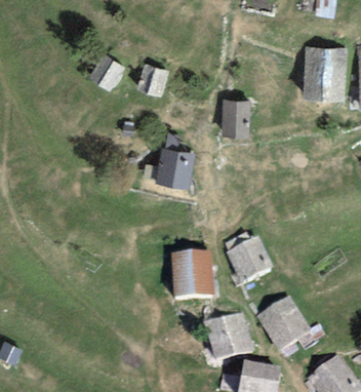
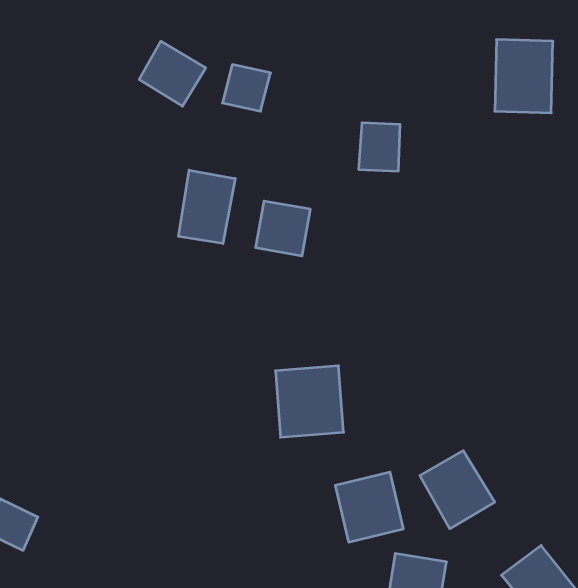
building: none -> [178,170,235,244]
building: [229,240,268,279] -> none

